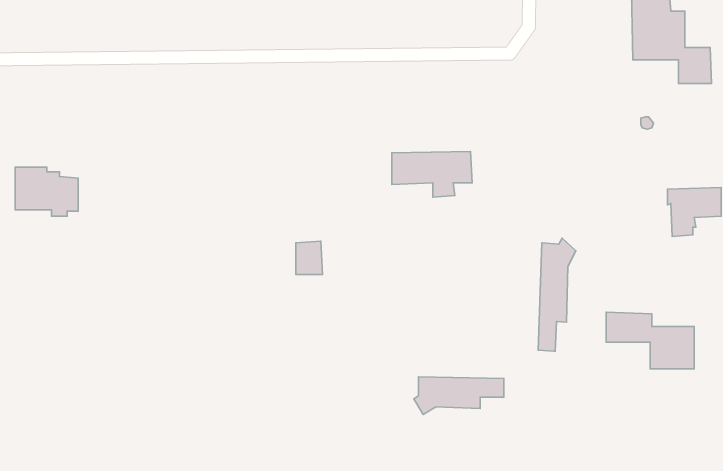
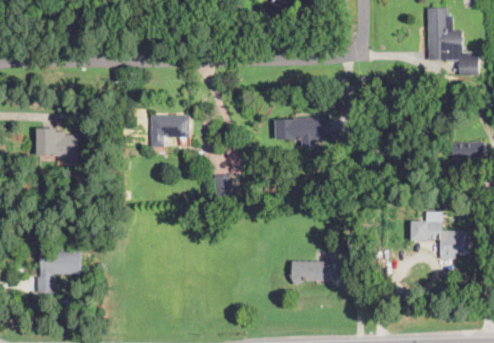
building: none -> [151,115,190,147]
building: [538,238,576,351] -> none
building: none -> [36,251,72,294]

